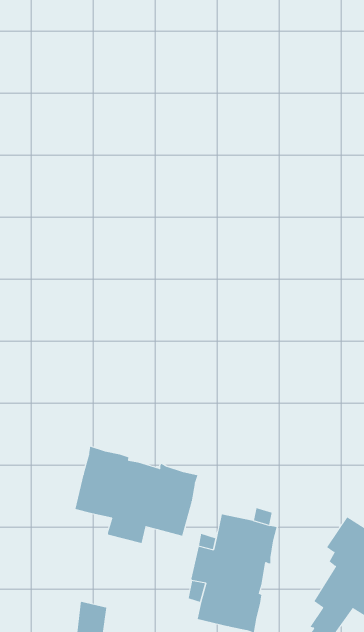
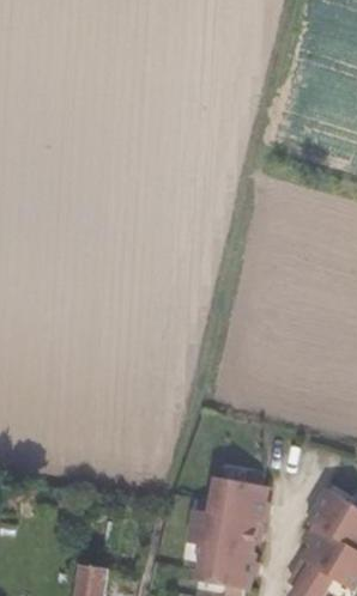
building: [75,446,198,544] -> none

